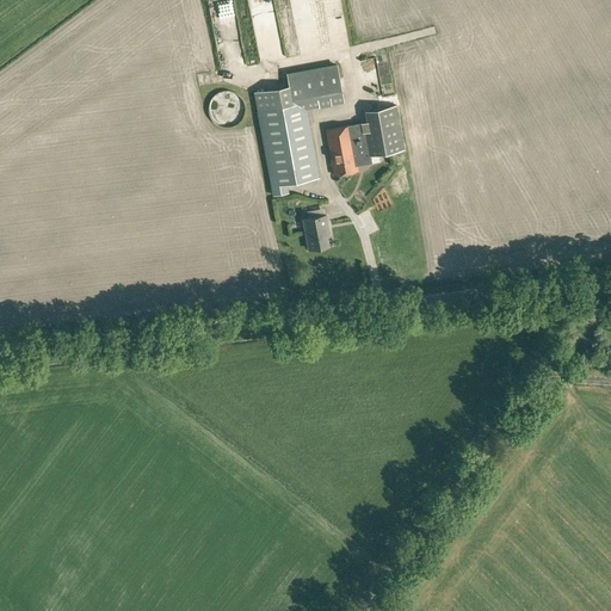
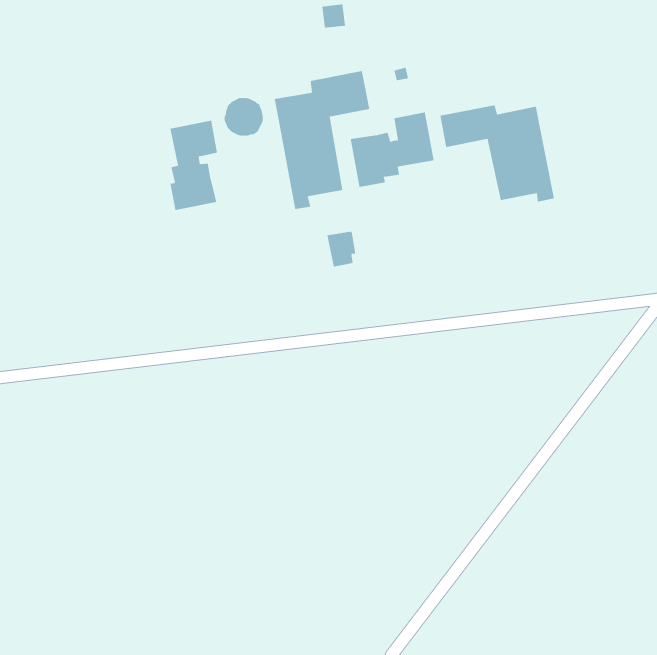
building: none -> [440,105,555,203]
building: none -> [170,120,218,211]

